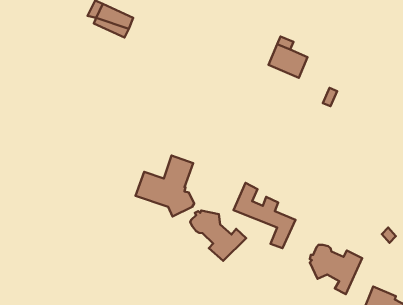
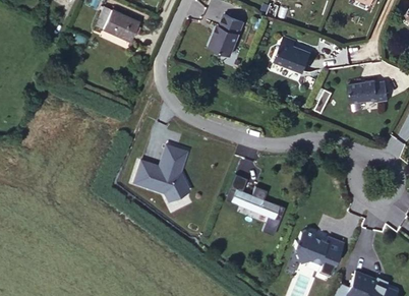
building: none -> [203,10,237,51]
building: none -> [340,77,383,107]
building: [190,210,246,261] -> none

